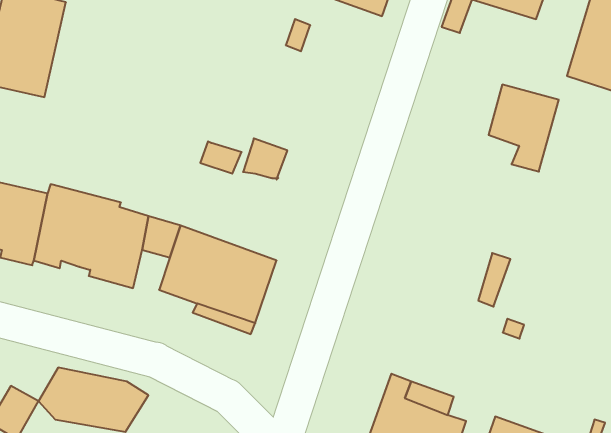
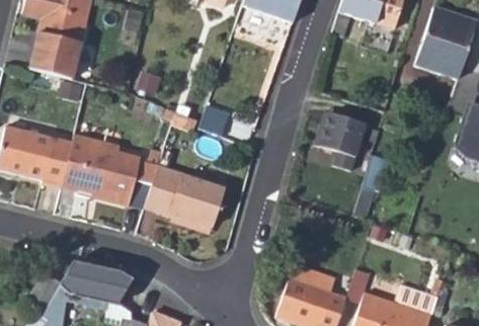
building: [489,85,559,172] -> [321,111,368,169]

